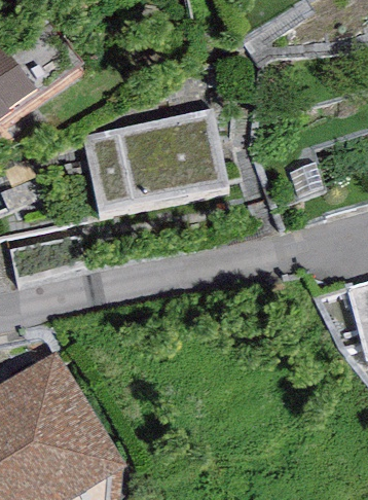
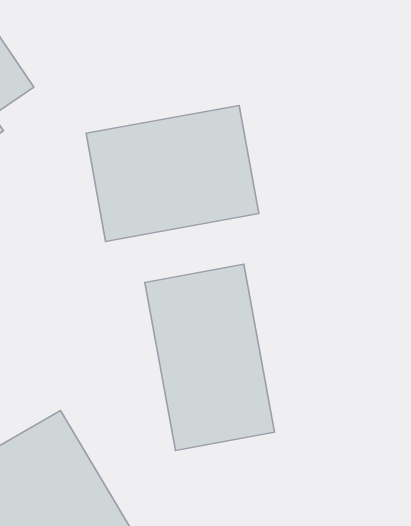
building: none -> [145,264,275,450]

